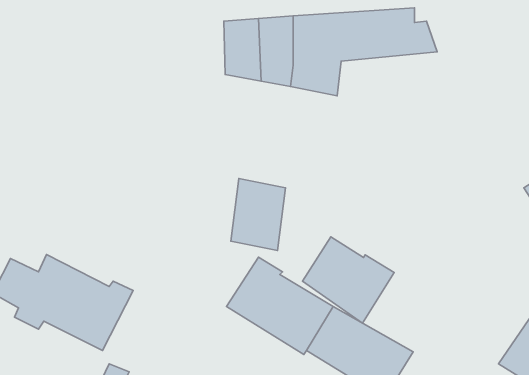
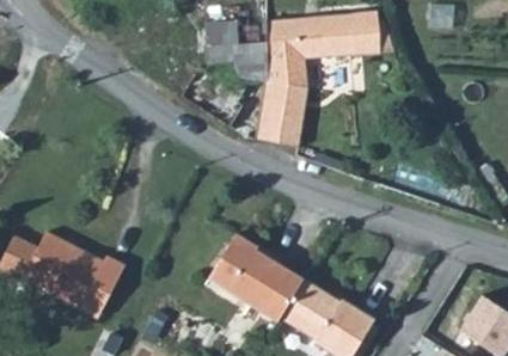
building: [231,178,285,250] -> [257,81,306,146]
building: [303,237,394,323] -> none

